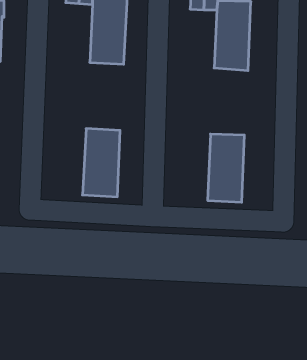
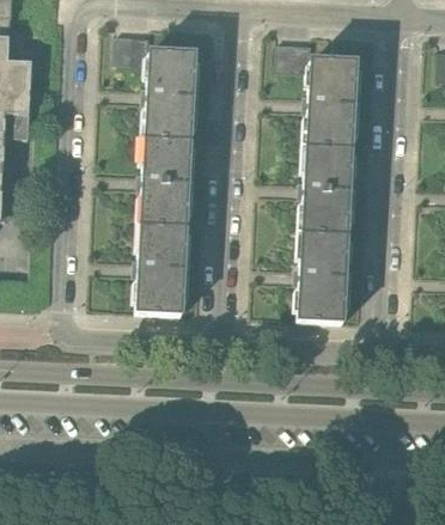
building: none -> [142,136,191,225]
building: none -> [304,144,353,231]

